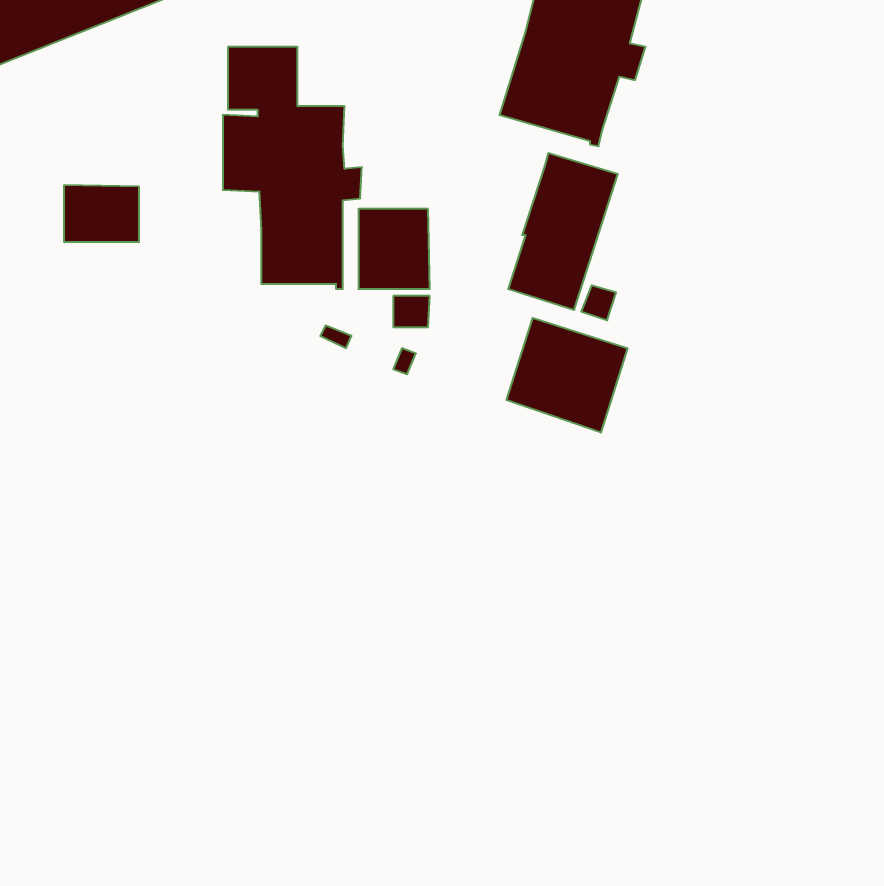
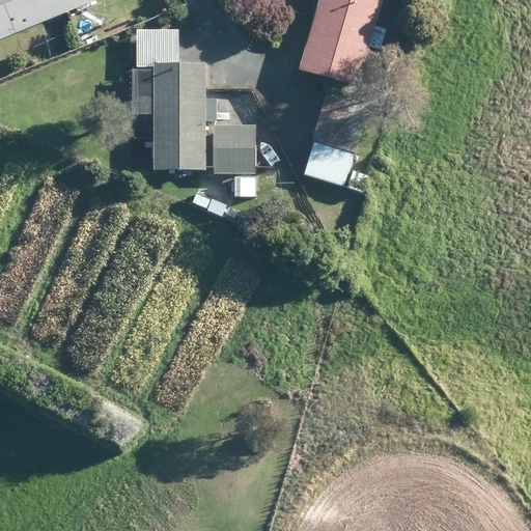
building: [64,185,139,242] -> none
building: [506,318,628,433] -> none

